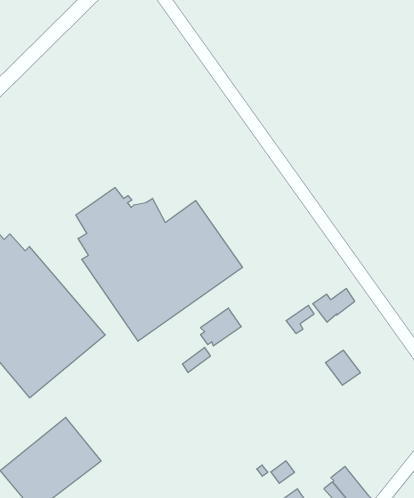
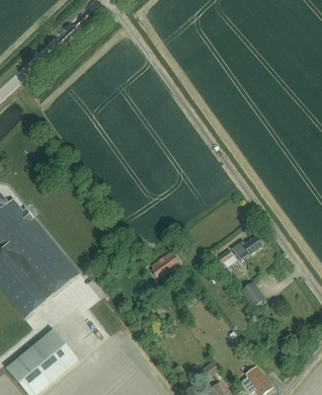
building: [76,188,242,341] -> none

